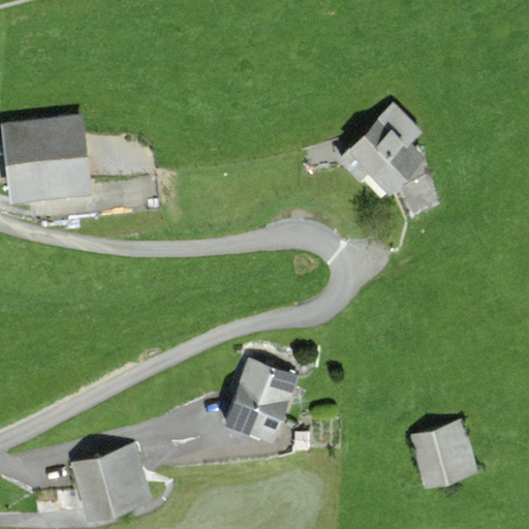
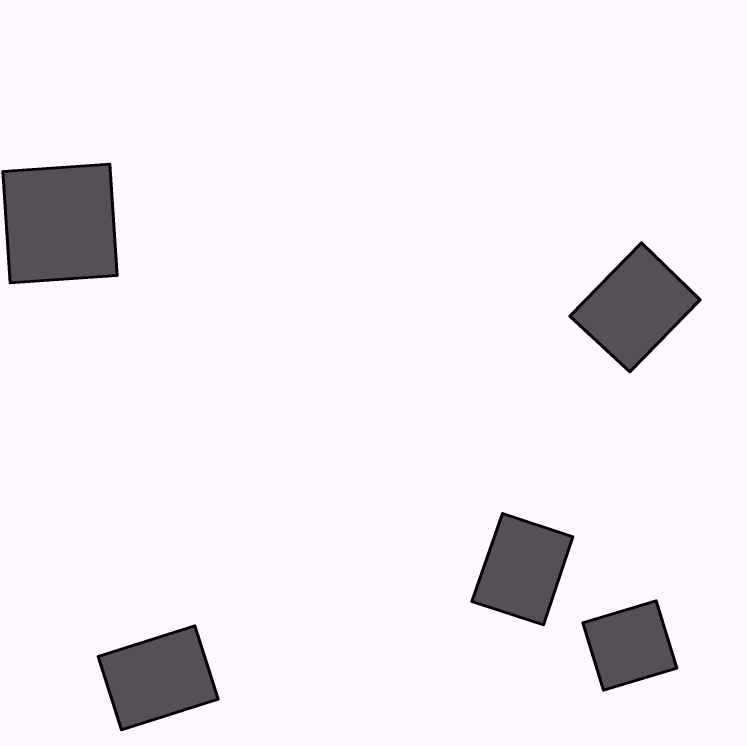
building: [340,102,432,193] -> [570,243,700,372]
building: [228,360,300,438] -> [472,514,573,625]

